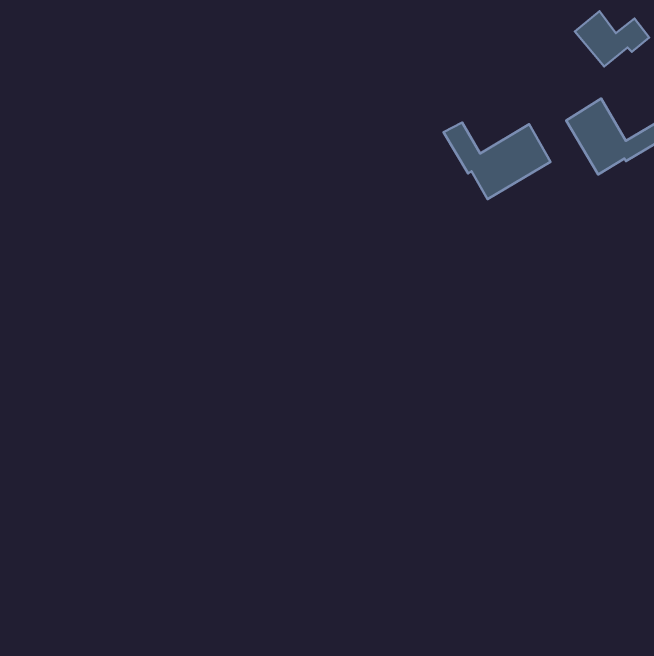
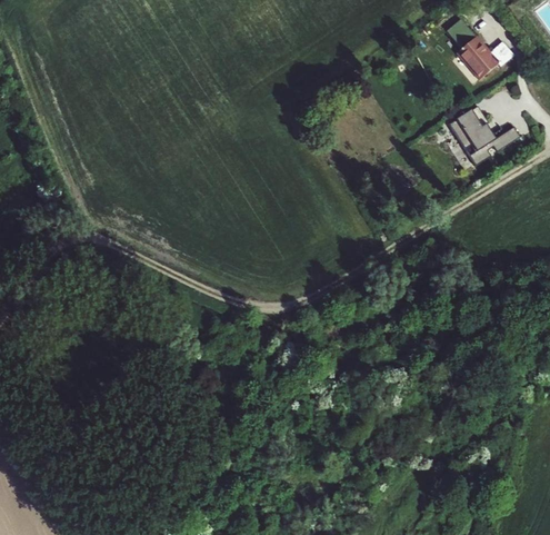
building: [444,123,550,199] -> none

